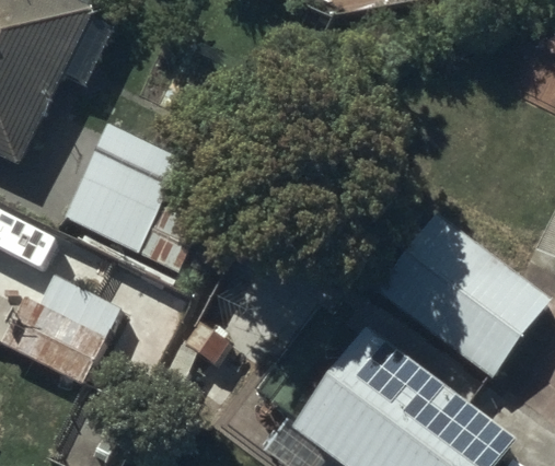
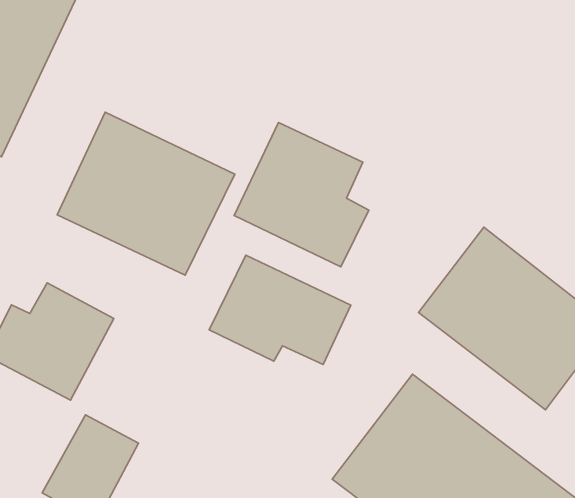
building: none -> [234,122,369,267]
building: none -> [209,255,351,364]

